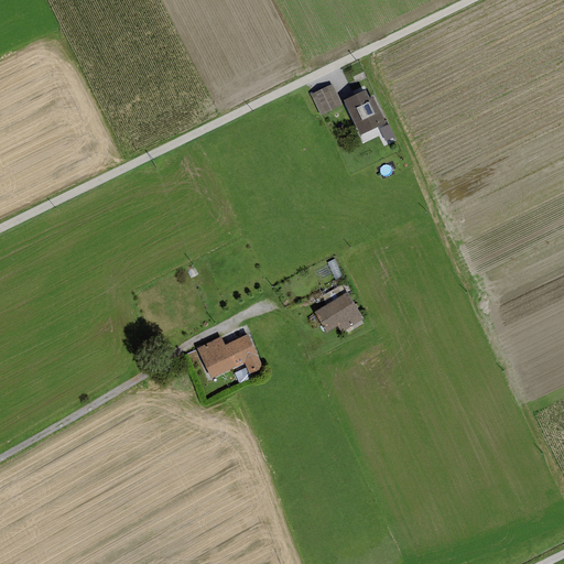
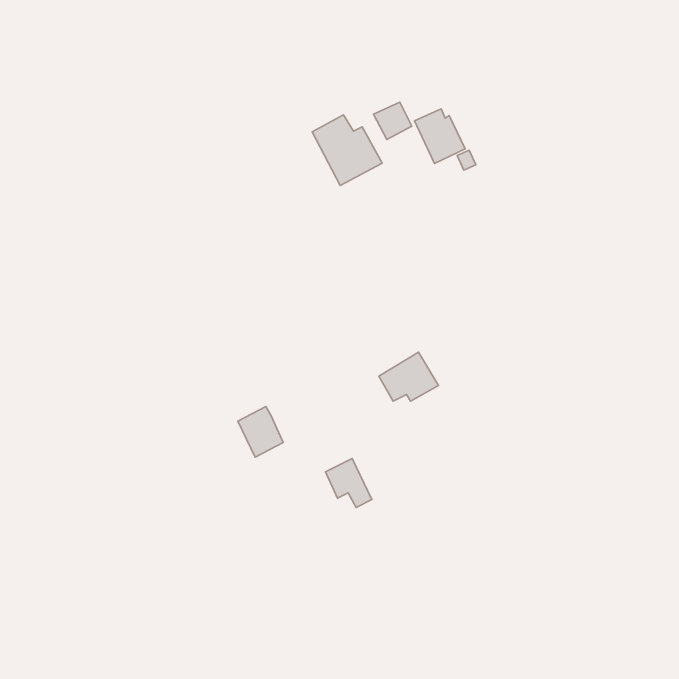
building: none -> [312,115,382,185]
building: [225,334,263,375] -> [325,458,372,508]

